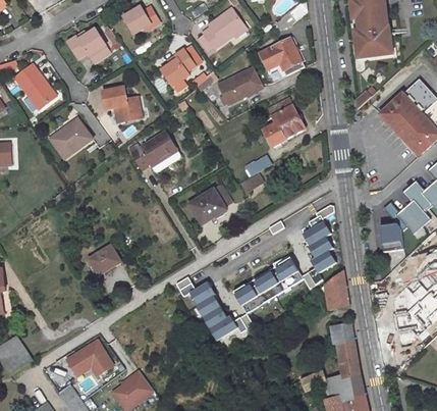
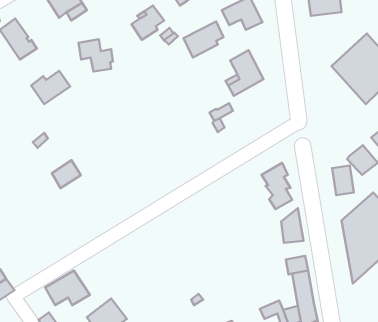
building: [128,131,180,171] -> none
building: [188,185,230,224] -> none
building: [89,245,120,275] -> [52,160,81,188]
building: [233,255,299,305] -> none
building: [175,275,239,345] -> none

